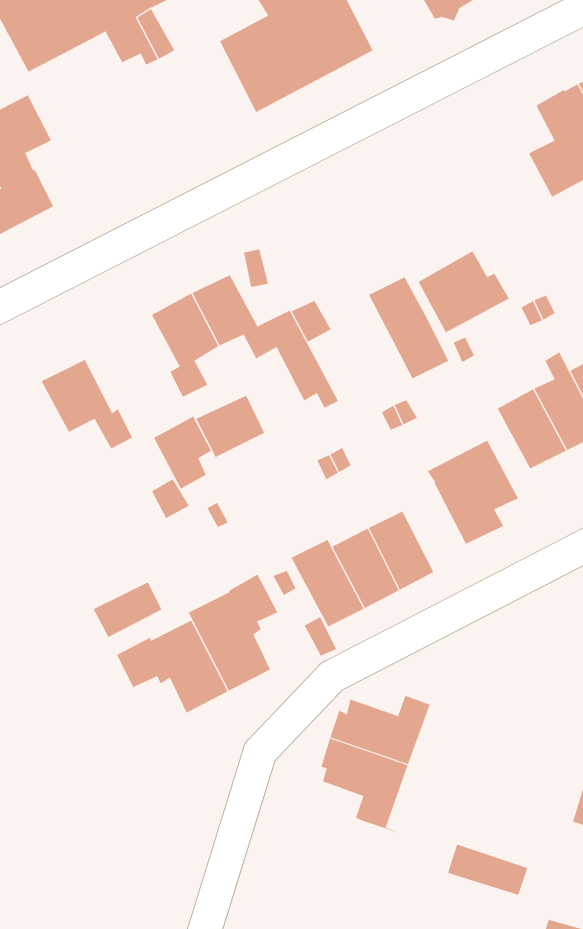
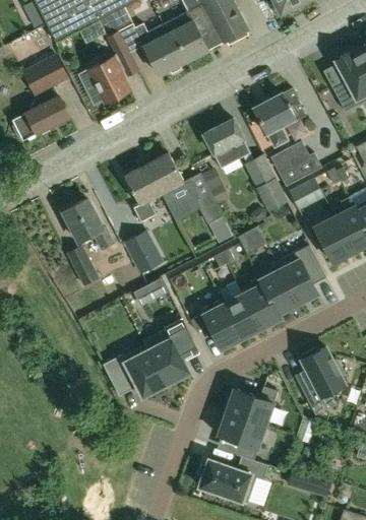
building: none -> [139,24,181,75]
building: none -> [87,31,138,103]
building: none -> [252,92,295,146]
building: none -> [201,118,249,169]
building: [196,395,265,458] -> none
building: none -> [65,244,99,286]
building: none -> [259,268,297,318]
building: [93,582,162,638] -> none
building: none -> [301,346,346,414]
building: none -> [199,456,268,503]

